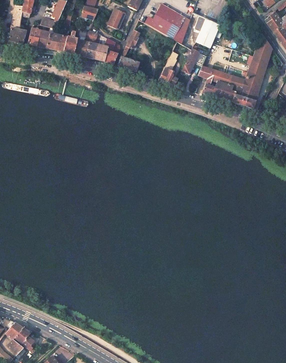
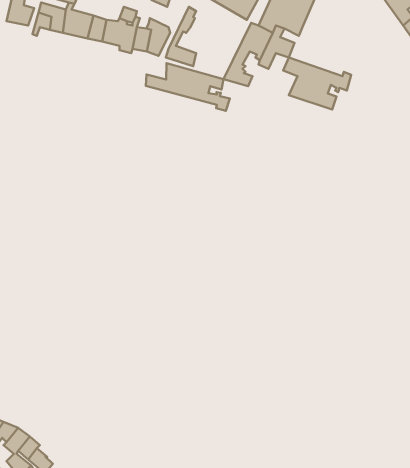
building: [232,33,272,108] -> none
building: none -> [146,63,230,111]

